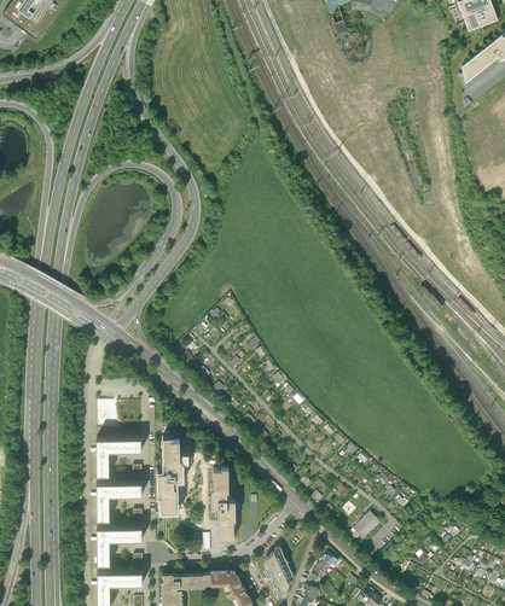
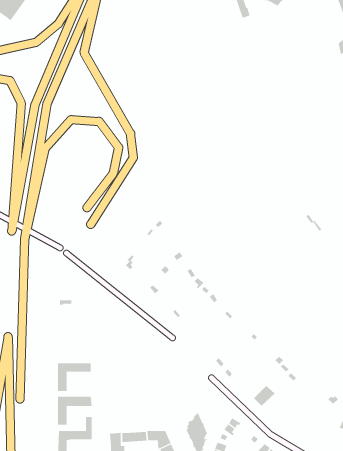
building: [95,438,140,476] -> none
building: [157,438,184,511] -> none
building: [208,467,234,540] -> none

